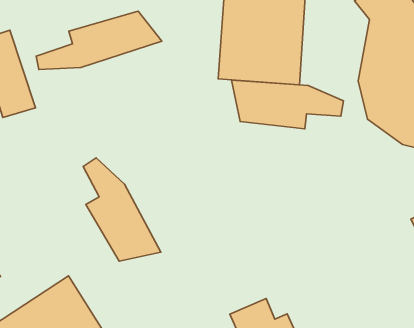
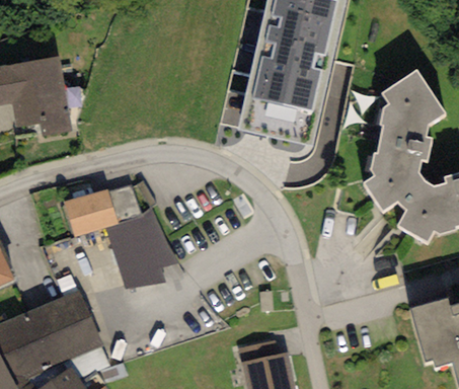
building: [36,11,162,70] -> none
building: [231,80,343,129] -> none
building: none -> [48,185,117,241]

